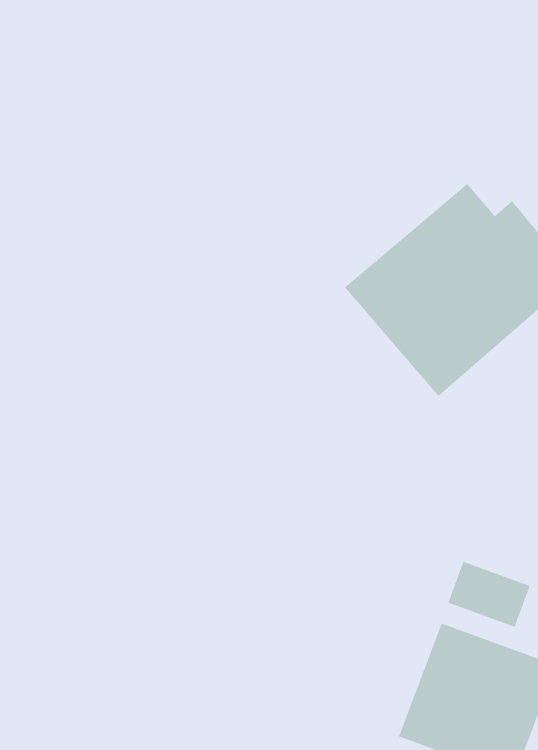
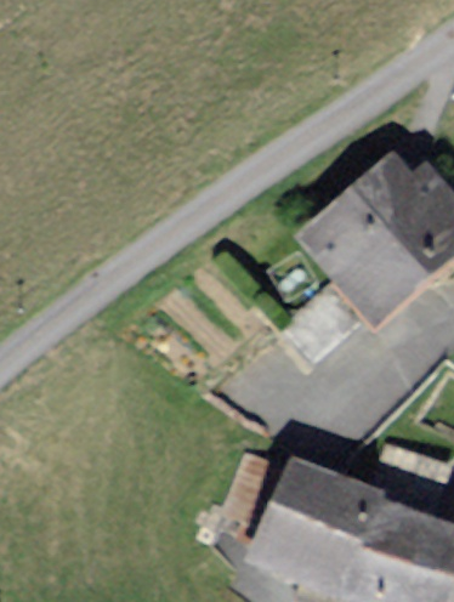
building: none -> [256,460,376,590]

